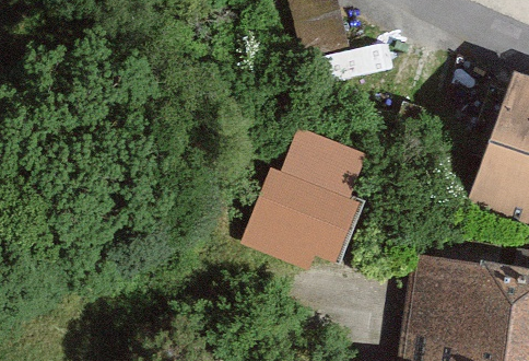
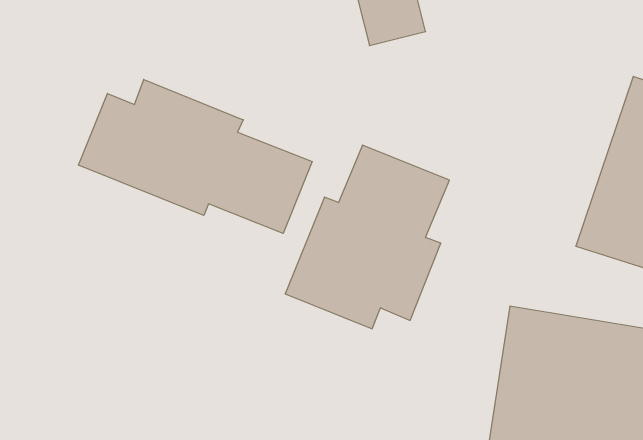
building: none -> [79,79,312,233]

